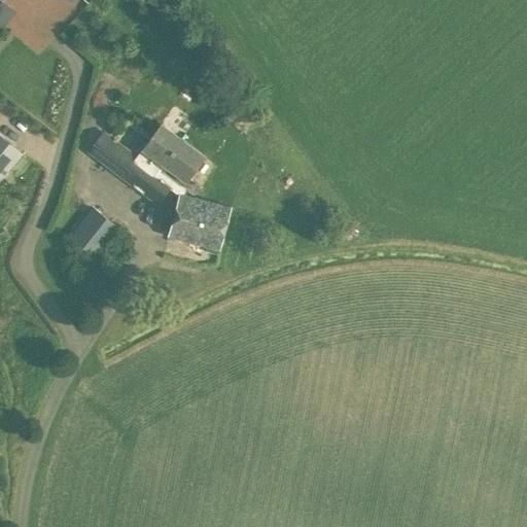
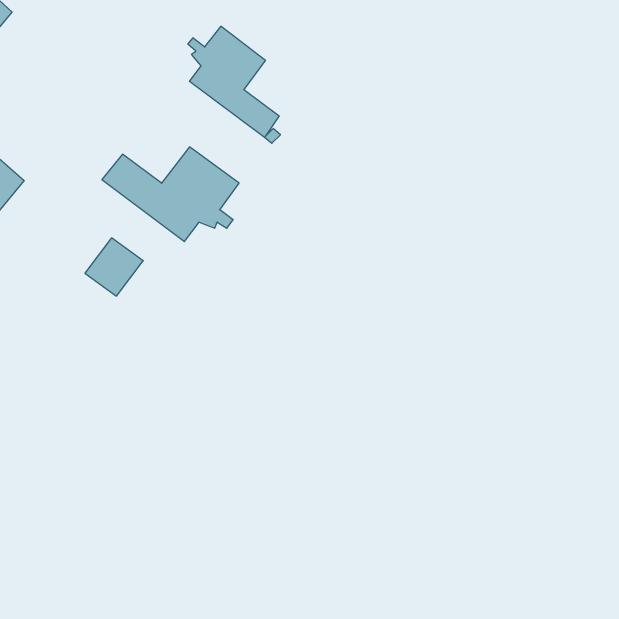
building: none -> [188,26,279,137]
building: [166,194,231,252] -> none

